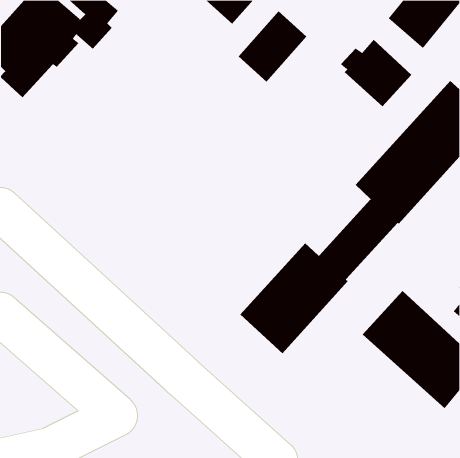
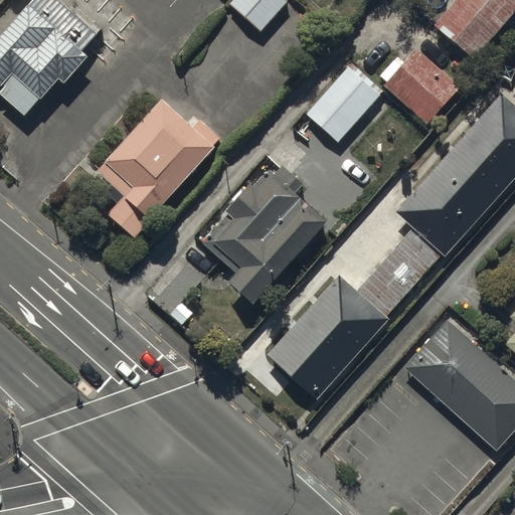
building: [238,11,307,83] -> [306,62,383,143]
building: none -> [97,96,219,235]
building: none -> [204,165,325,300]

